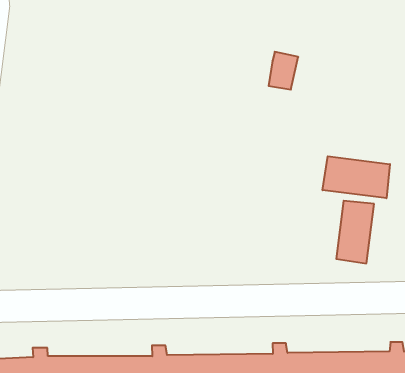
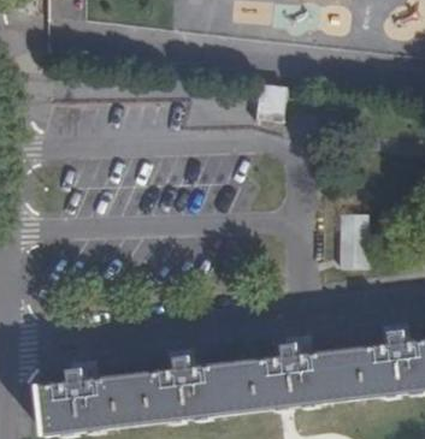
building: [323,156,390,198] -> none

